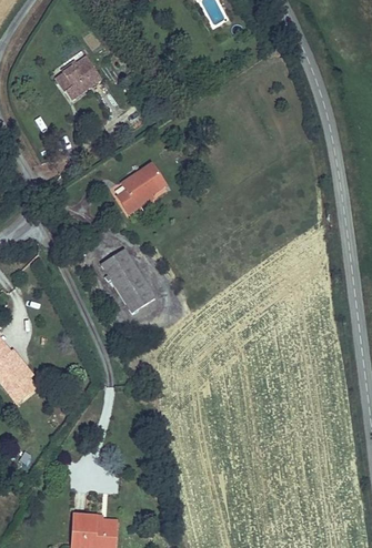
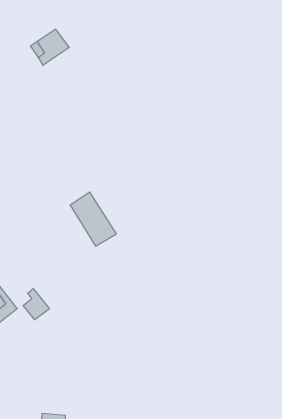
building: [114,158,161,205] -> none
building: none -> [23,288,49,320]

